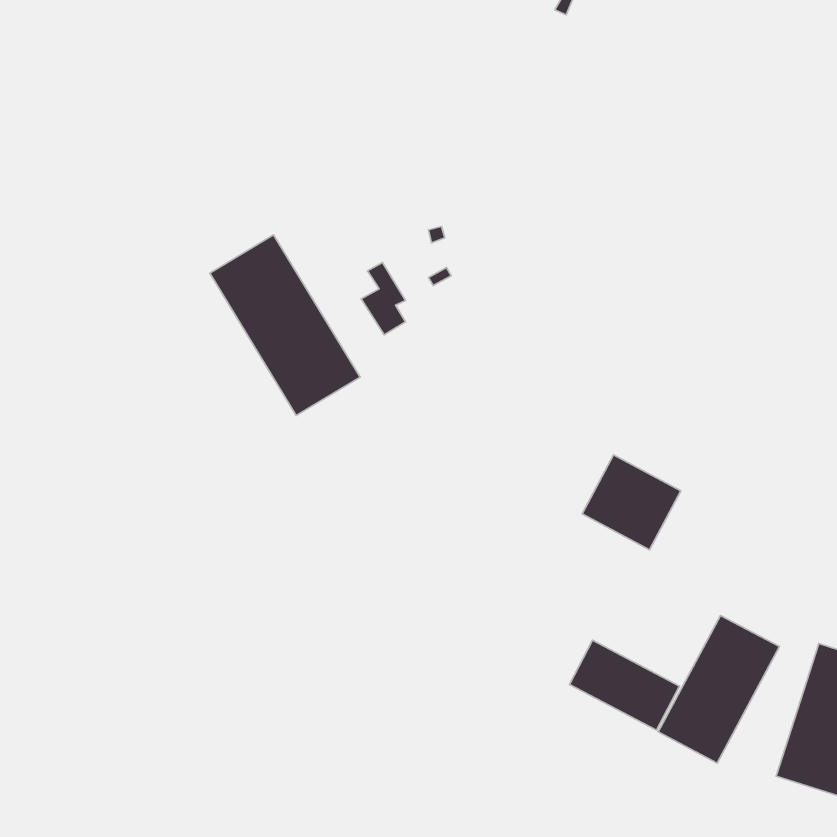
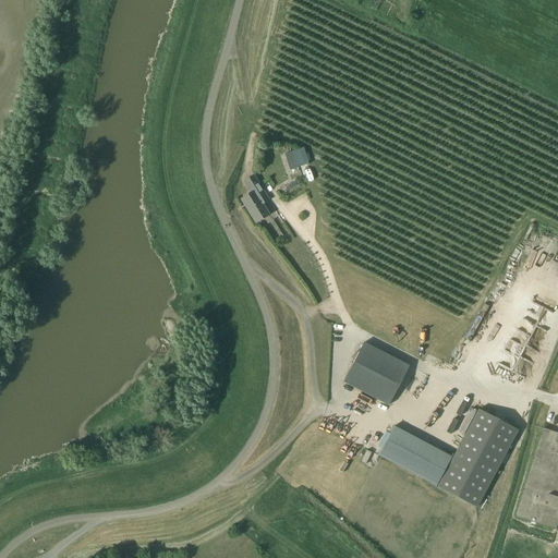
building: [210,235,360,416] -> none
building: [582,455,681,550] -> [344,340,410,403]

